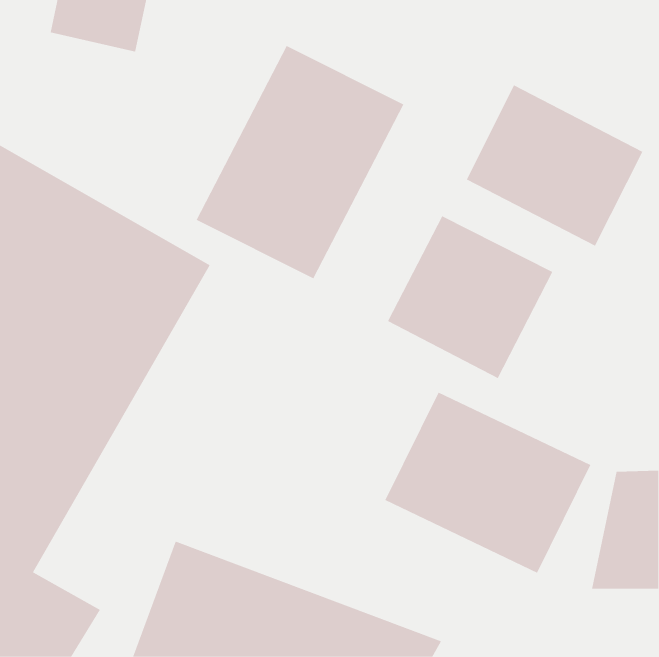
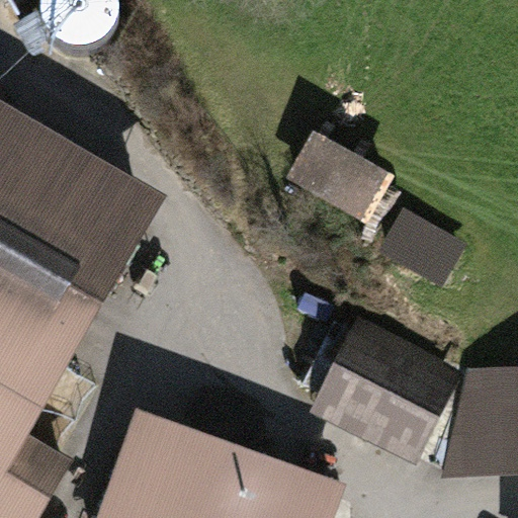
building: [196,45,404,279] -> none
building: [466,85,643,247] -> none

